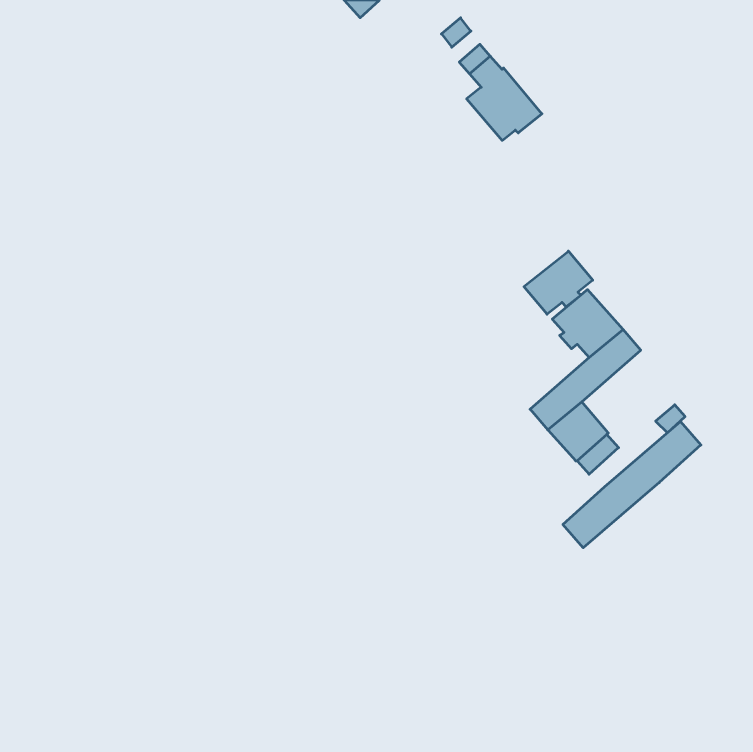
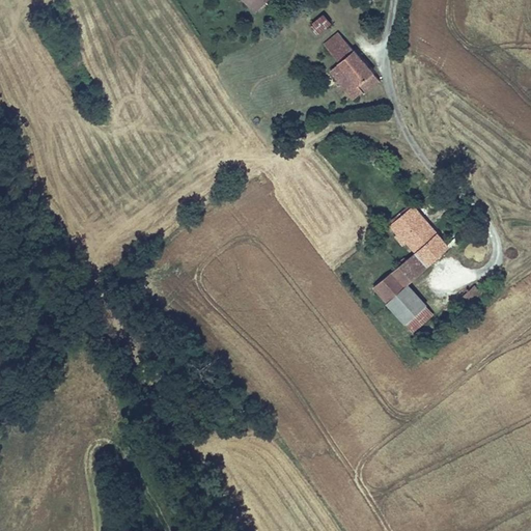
building: [524,251,593,314] -> none
building: [563,422,701,548] -> none

